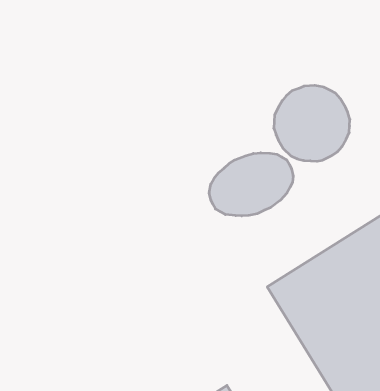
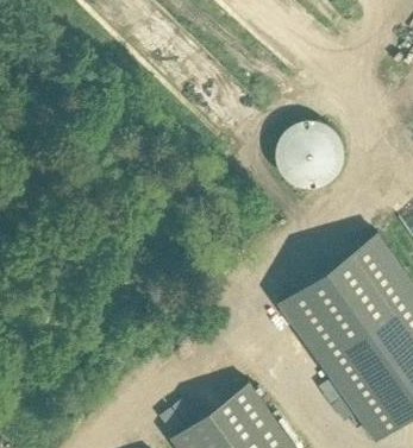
building: [209,153,293,216] -> none

